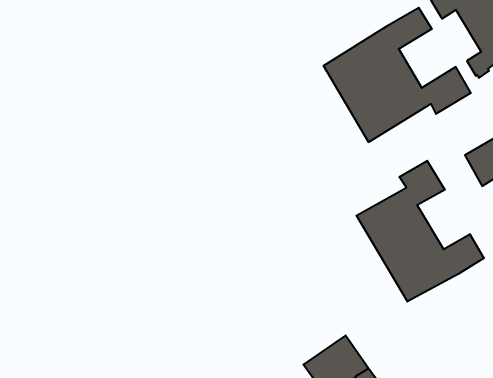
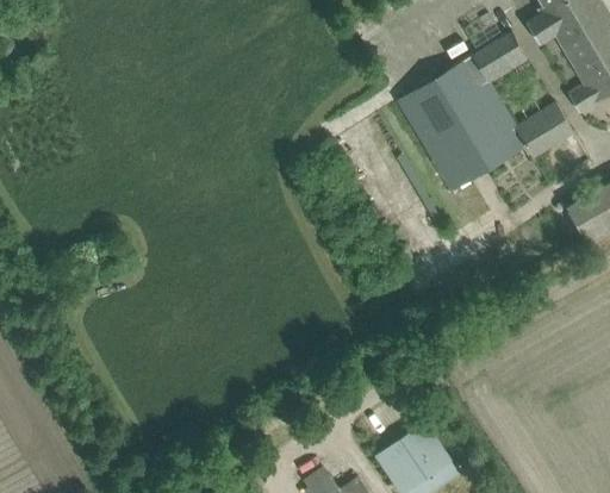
building: [356,161,484,302] -> none

